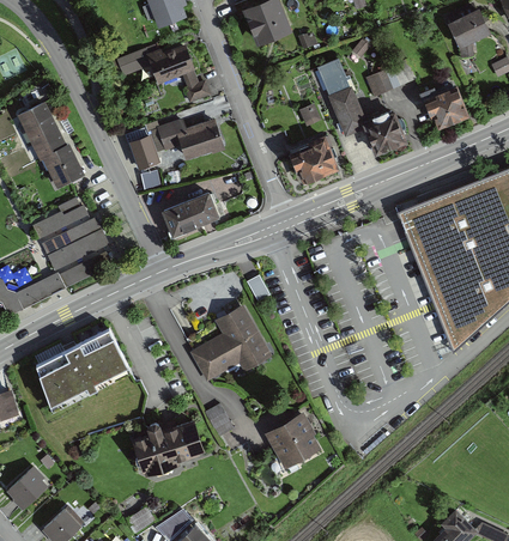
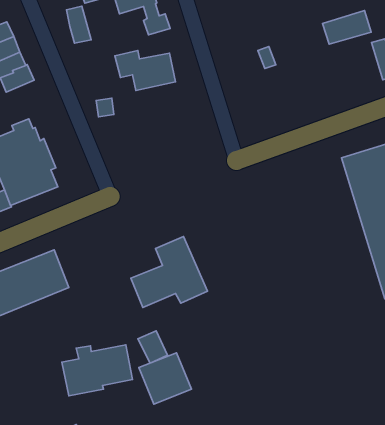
building: [317,61,400,156] -> none
building: [131,128,158,166] -> [66,6,91,43]
building: [293,139,338,183] -> none
building: [50,158,85,188] -> none
building: [160,189,220,237] -> none
building: [265,414,320,468] -> [139,353,191,404]

